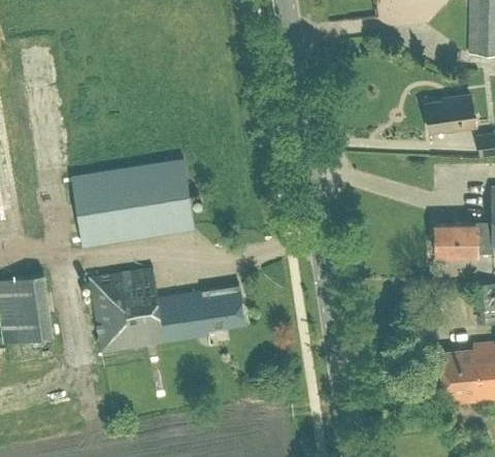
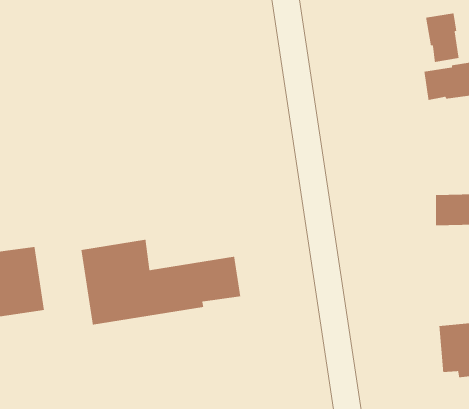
building: none -> [425,13,460,63]
building: [72,159,195,247] -> none

